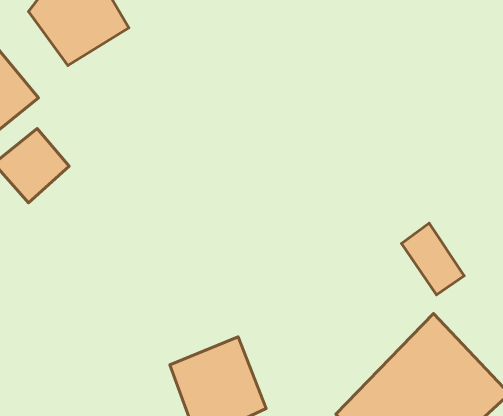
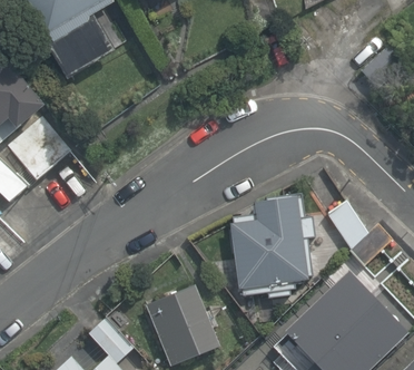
building: none -> [234,192,318,296]

